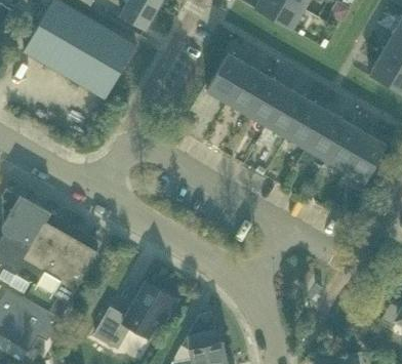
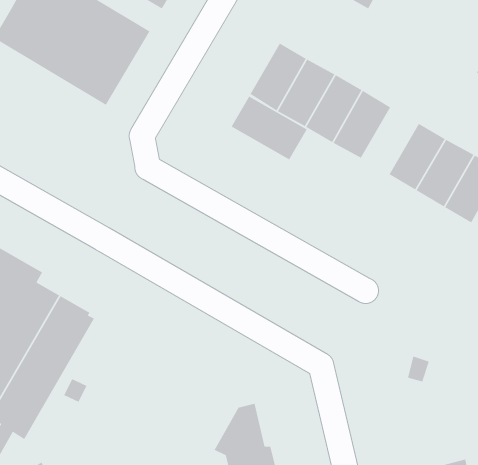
building: none -> [230,96,308,160]
building: [287,100,328,149] -> none
building: [95,283,178,350] -> none

